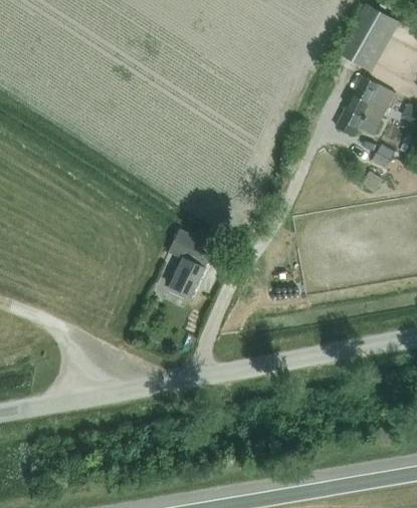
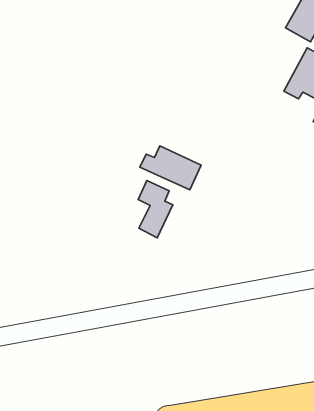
building: none -> [140,146,201,190]

